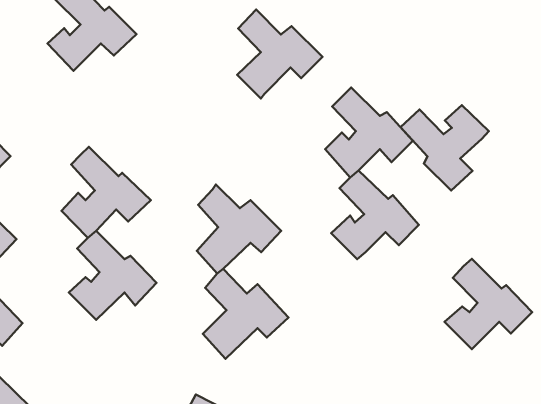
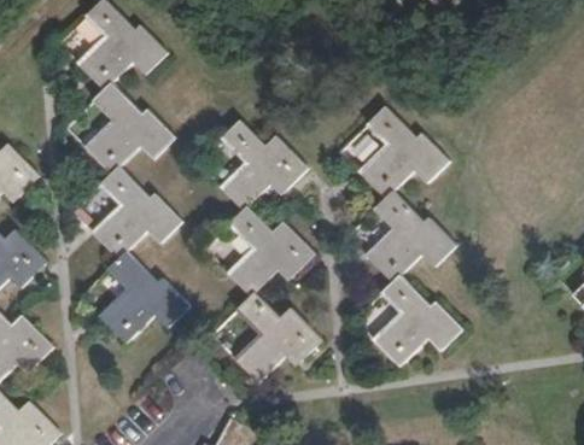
building: [237,10,322,98] -> [220,121,306,211]
building: none -> [82,82,174,176]
building: [400,105,489,191] -> none
building: [444,259,532,349] -> [372,275,461,367]

